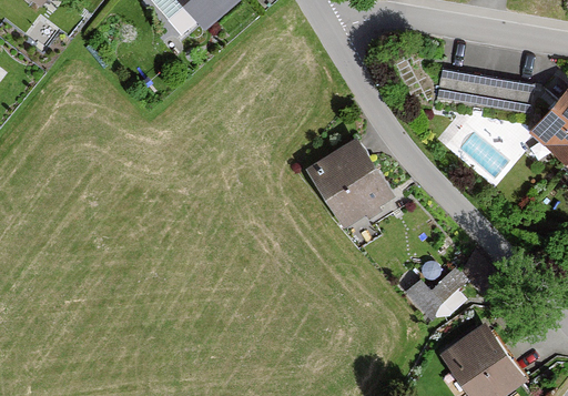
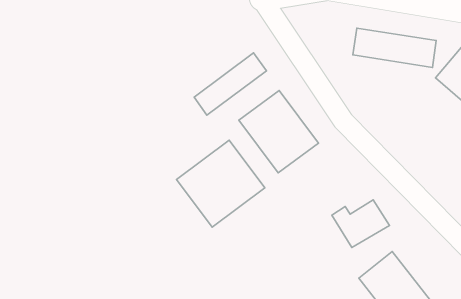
building: none -> [194,53,266,115]
building: none -> [176,140,265,227]

